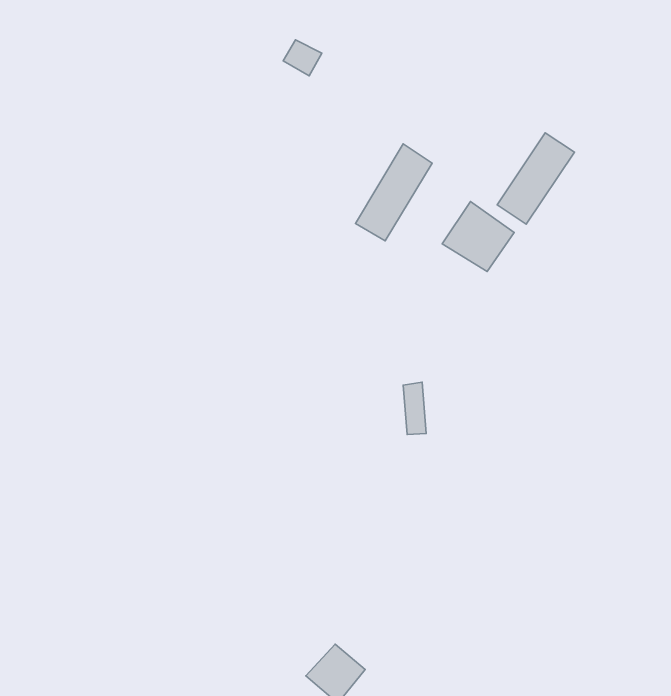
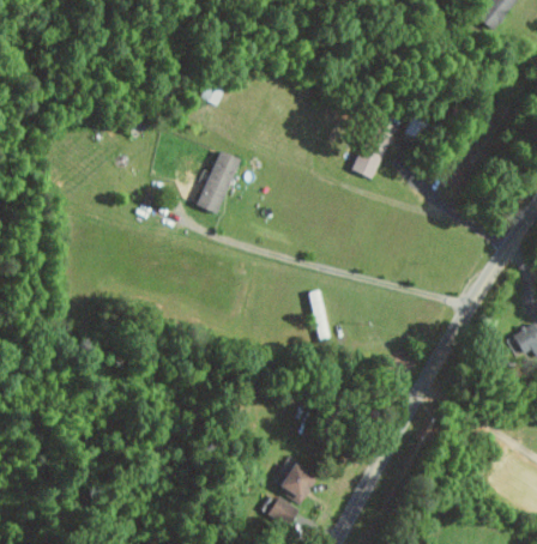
building: [356,144,432,241] -> [197,150,240,213]
building: [442,202,514,272] -> none

